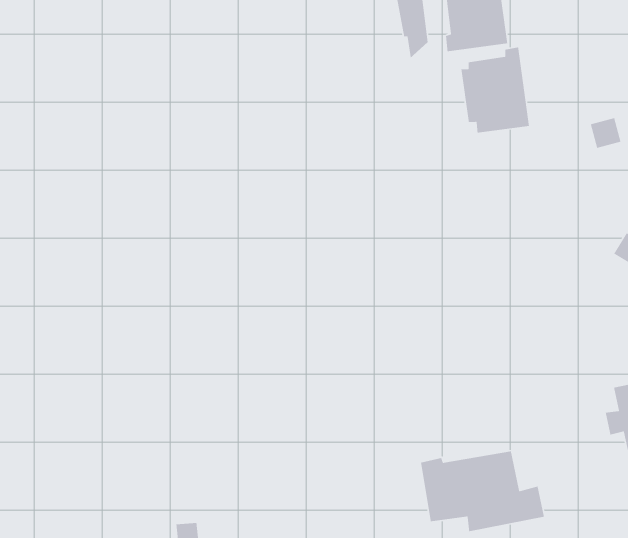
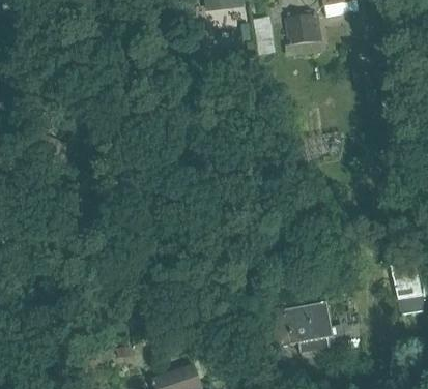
building: [460,47,530,133] -> none

